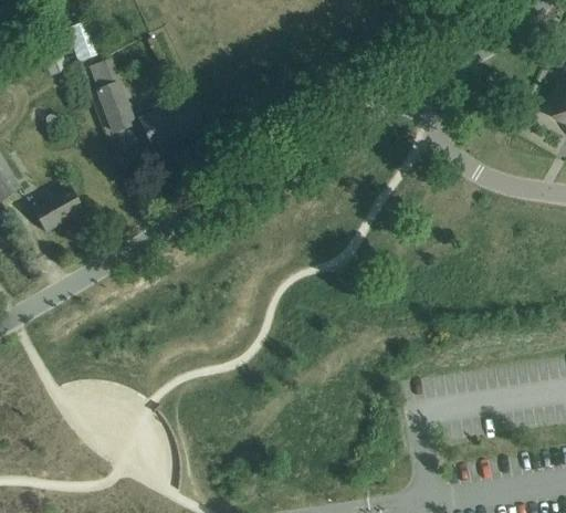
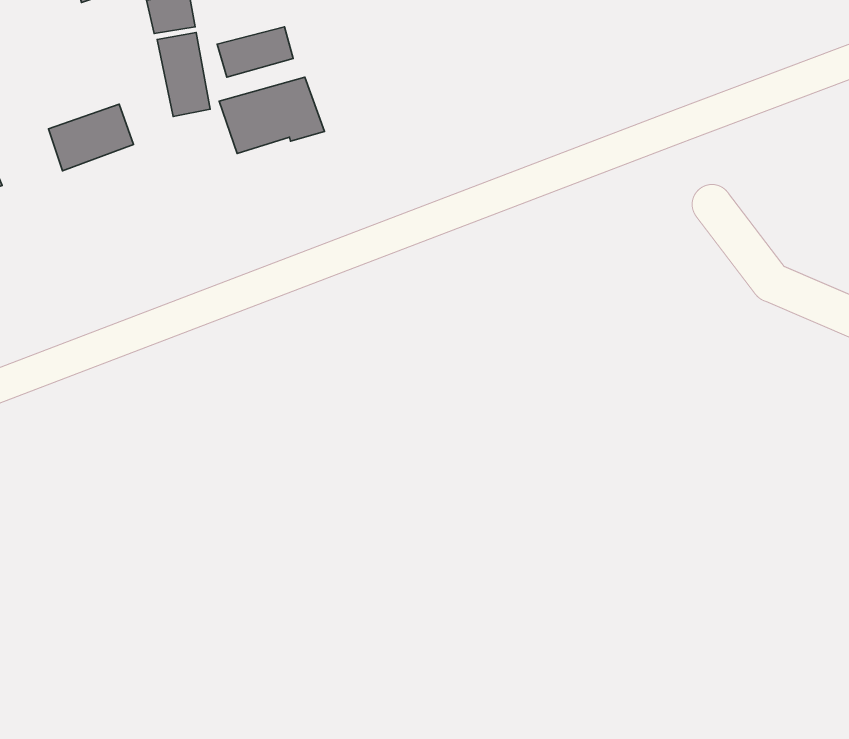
building: none -> [217,27,293,77]
building: [31,188,82,232] -> [49,104,133,171]

